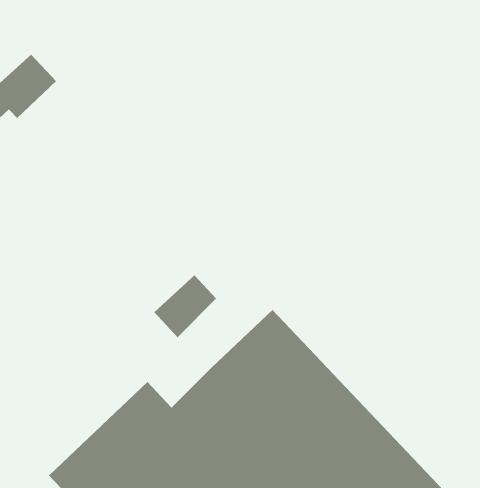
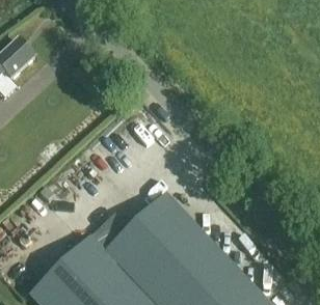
building: [153,275,217,338] -> [91,214,130,252]

